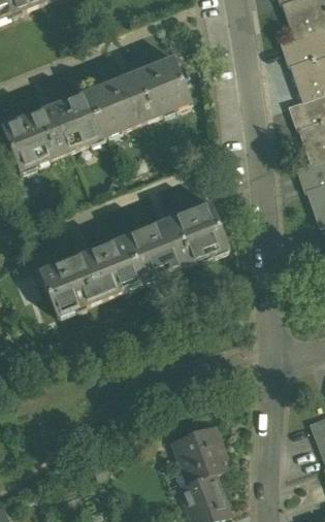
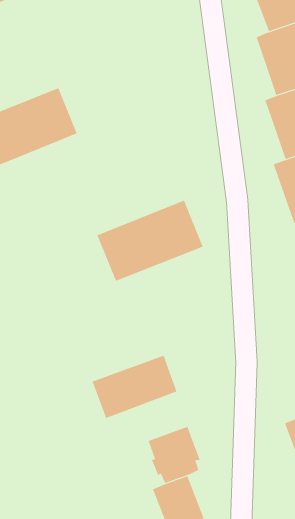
building: [88,54,192,134] -> none
building: [39,234,143,314] -> none
building: none -> [92,355,177,419]

